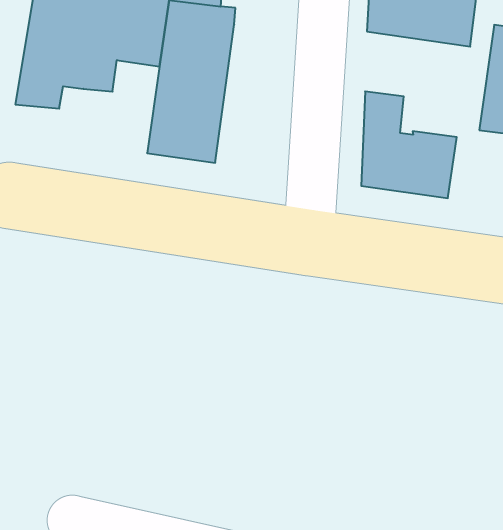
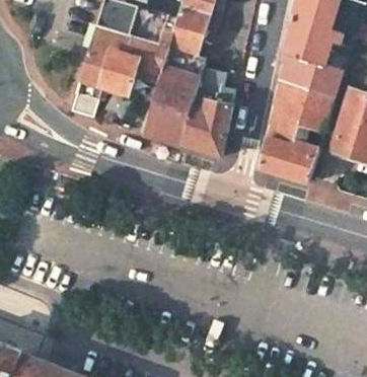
building: none -> [181,67,233,155]
building: none -> [272,82,335,131]

